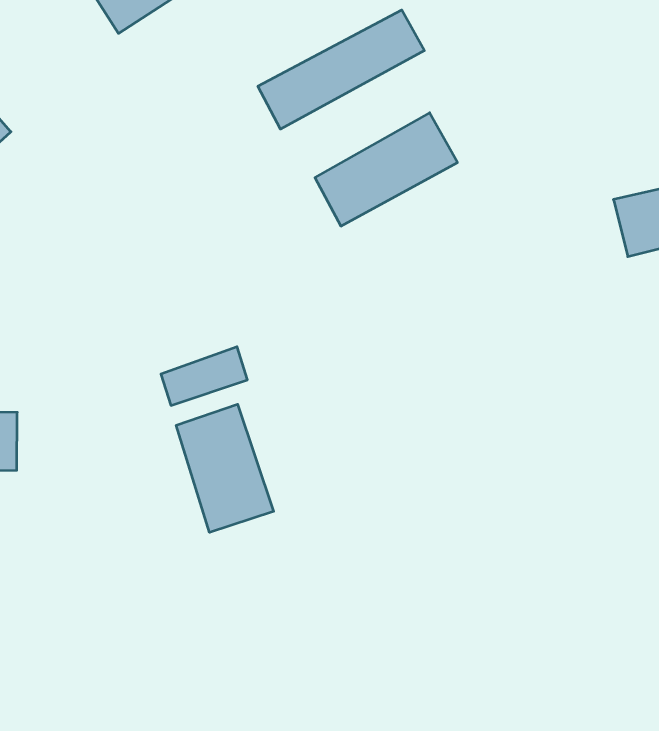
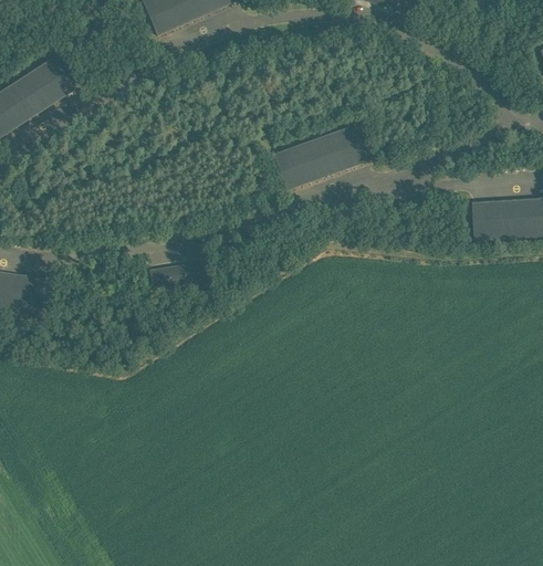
building: [258,10,424,129] -> none
building: [176,404,274,532] -> none

